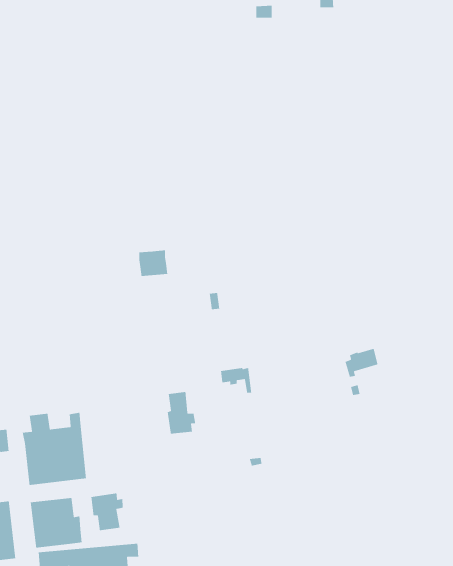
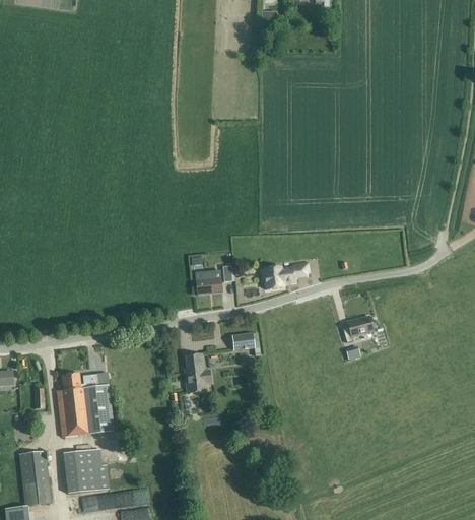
building: [138,250,168,277] -> [195,269,221,294]
building: none -> [261,262,308,288]
building: [91,492,124,531] -> none

